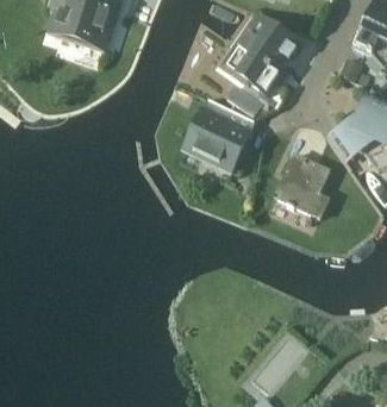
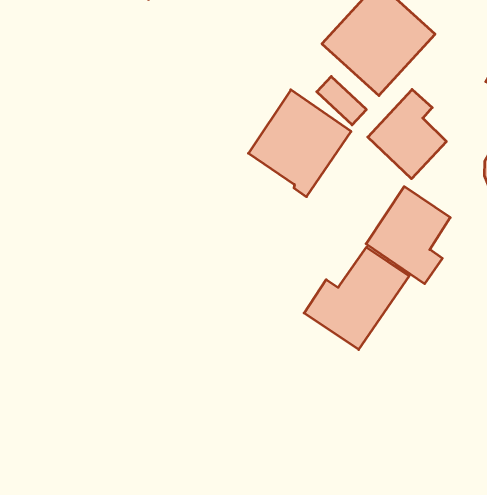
building: none -> [368,89,446,179]
building: none -> [304,247,409,350]

